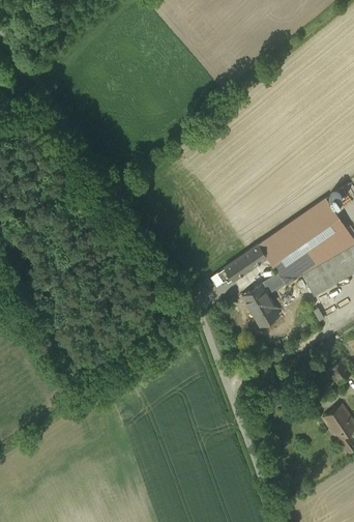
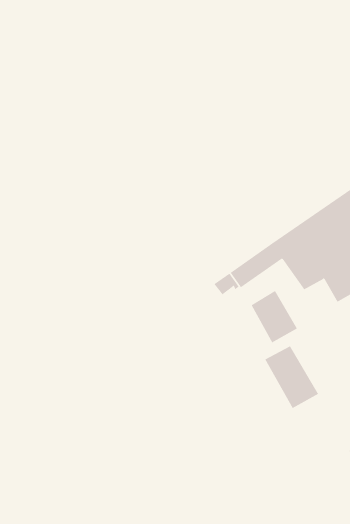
building: none -> [264,345,319,409]

